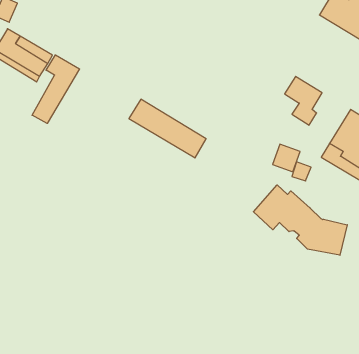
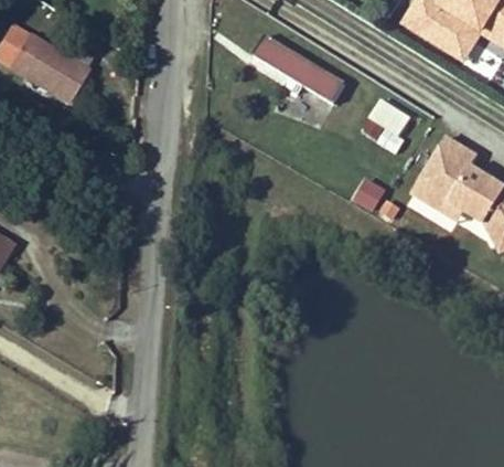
building: [32,55,80,123] -> none
building: [129,99,206,158] -> [255,34,347,105]
building: [253,185,347,255] -> none

